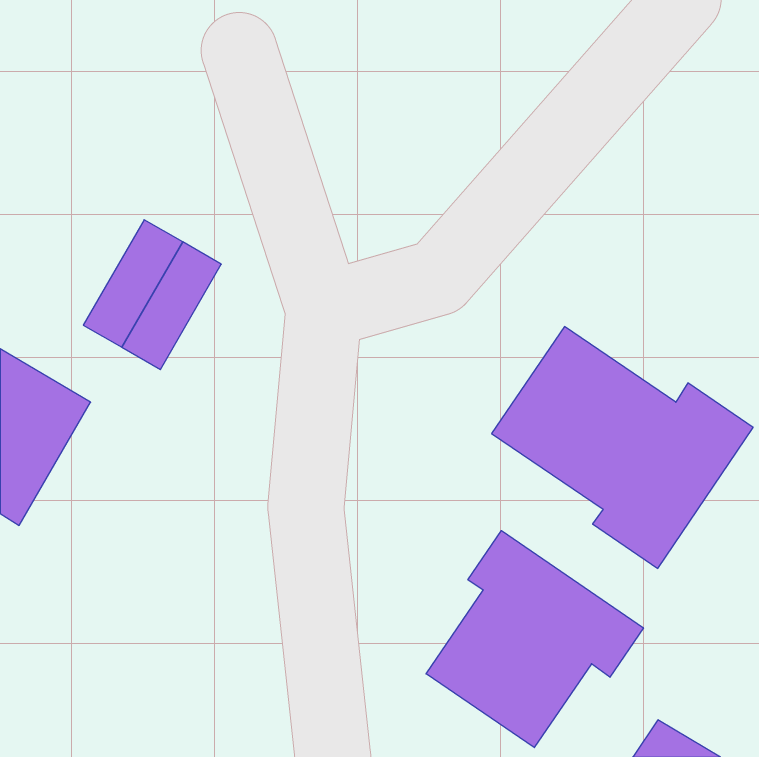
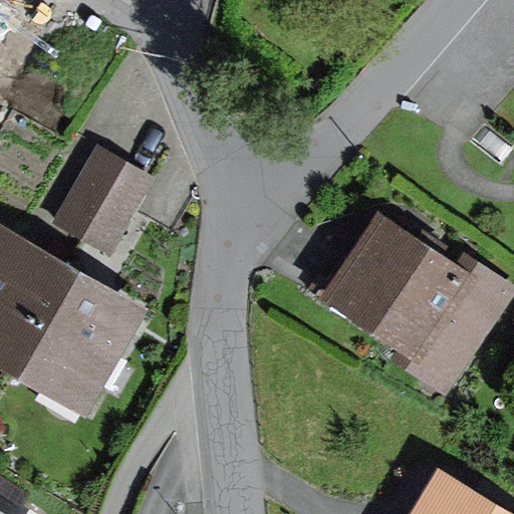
building: none -> [13,272,126,399]
building: [426,531,643,748] -> none

